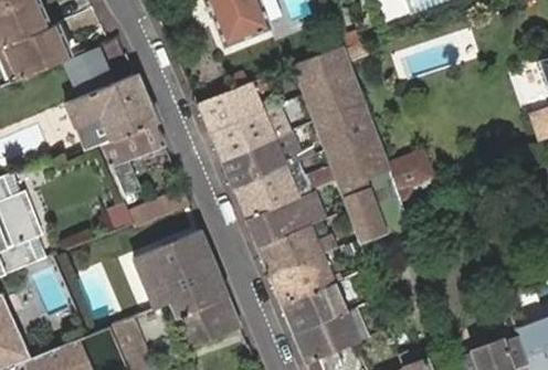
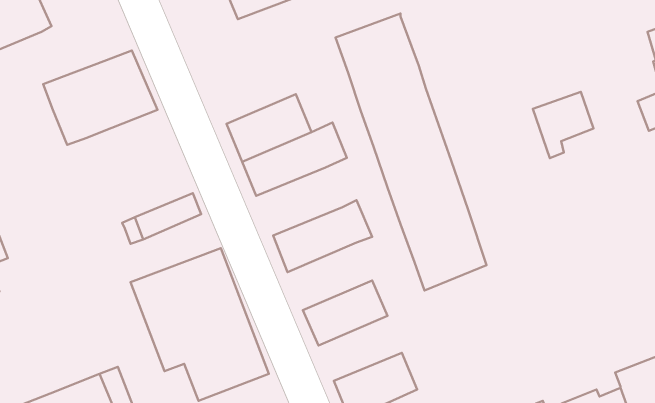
building: [65,45,116,96] -> none
building: [198,82,264,133] -> none
building: [101,121,166,204] -> none
building: [386,148,433,200] -> [533,92,593,158]
building: [233,167,301,220] -> none
building: [257,225,324,278] -> none
building: [282,283,347,334] -> none

